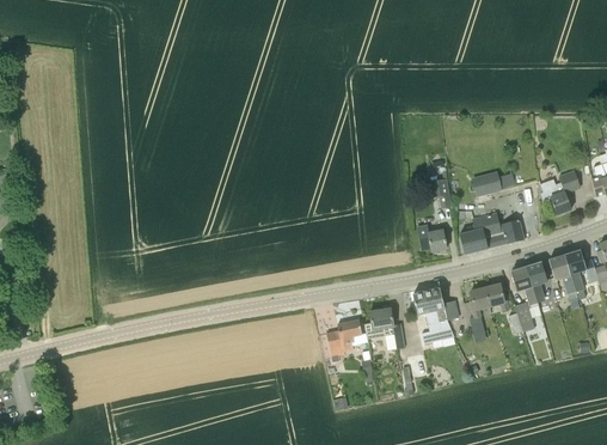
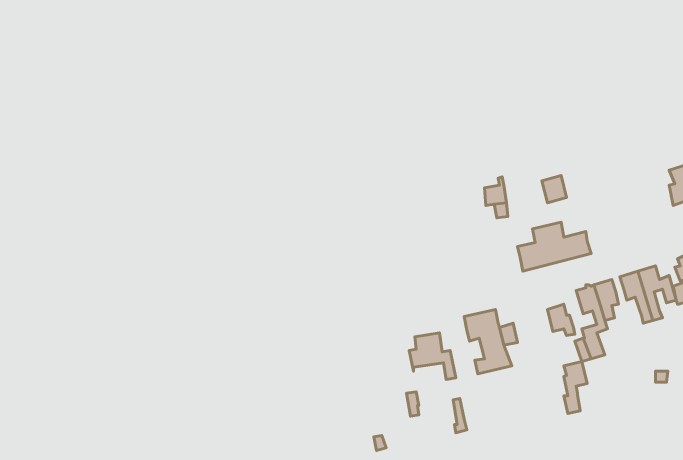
building: [540,170,580,213] -> none
building: [417,224,446,250] -> none
building: [470,287,490,333] -> [564,362,587,414]
building: [326,318,368,355] -> none

